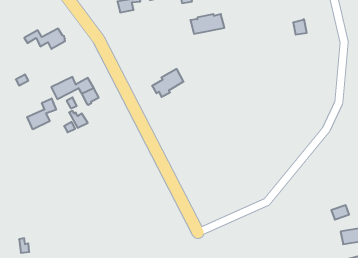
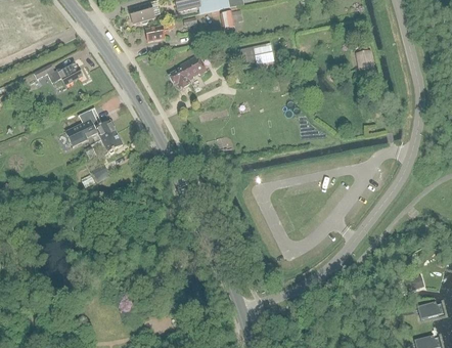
building: [152,69,184,97] -> [169,54,207,88]
building: [27,98,56,129] -> none

